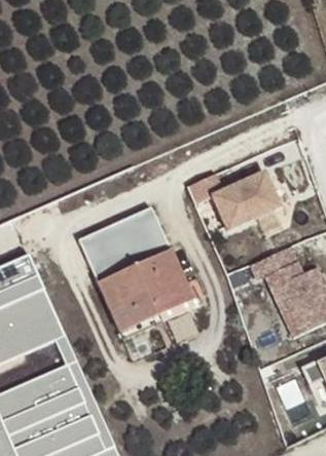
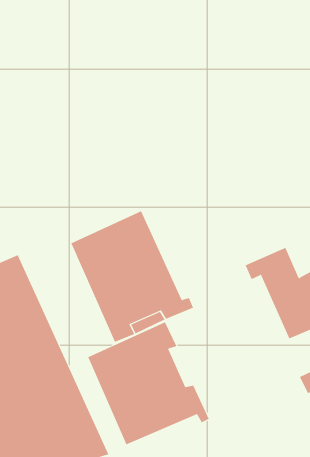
building: [210,170,278,229] -> none
building: none -> [87,322,209,445]

